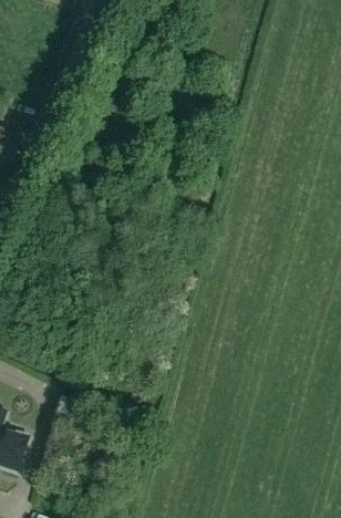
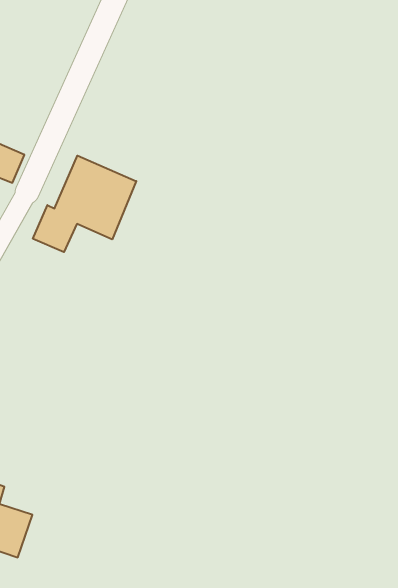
building: none -> [33,156,136,252]

